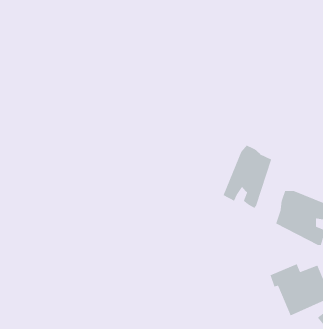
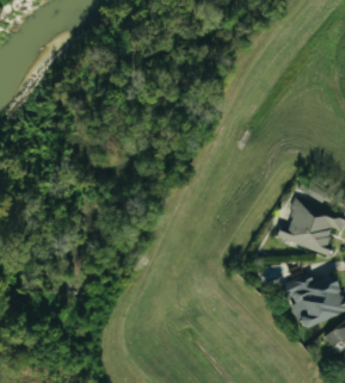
building: [223,144,272,209] -> none

